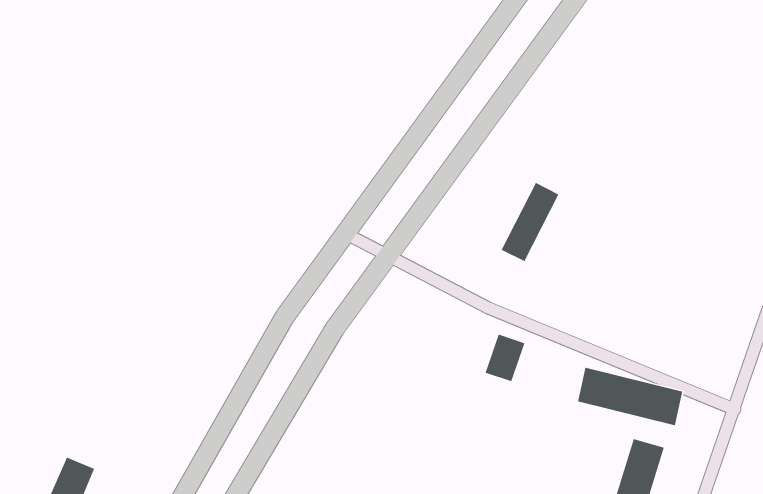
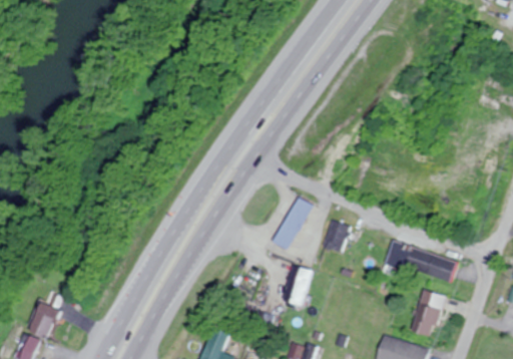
building: [501,182,560,262] -> [275,197,314,250]
building: none -> [283,265,312,307]

